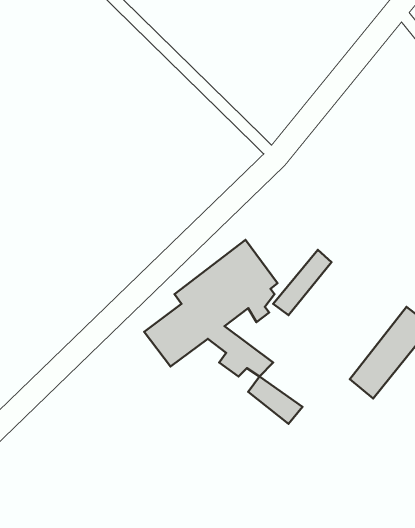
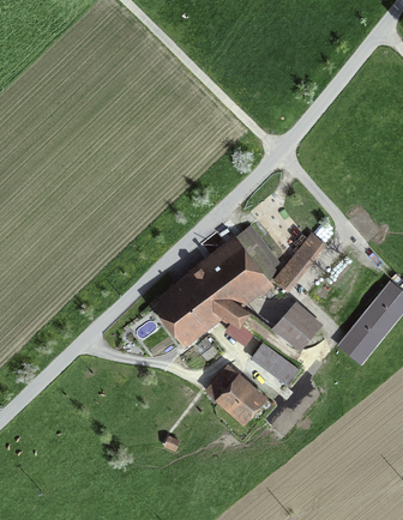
building: none -> [275,307,317,346]
building: none -> [207,367,258,417]

